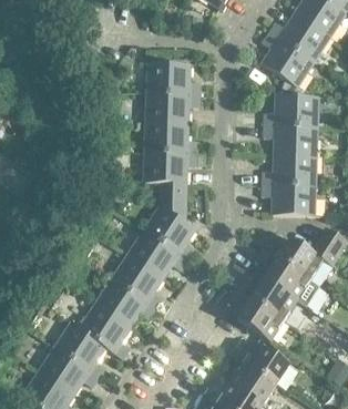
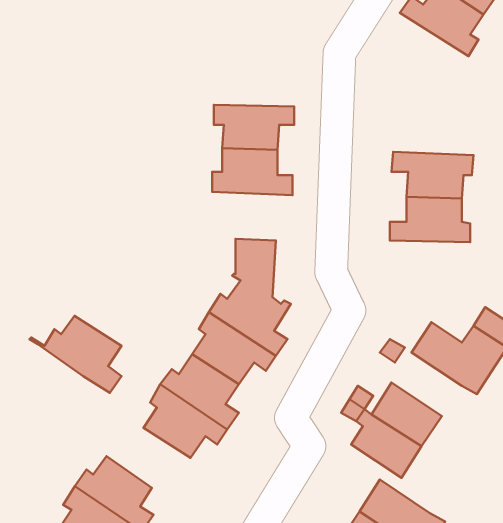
building: [260,32,314,83] -> none
building: [145,62,199,94] -> none
building: [264,91,317,126] -> none
building: [143,151,197,183] -> none
building: [262,183,315,215] -> none
building: [263,257,319,305] -> none
building: [69,307,130,358] -> [29,316,122,393]

